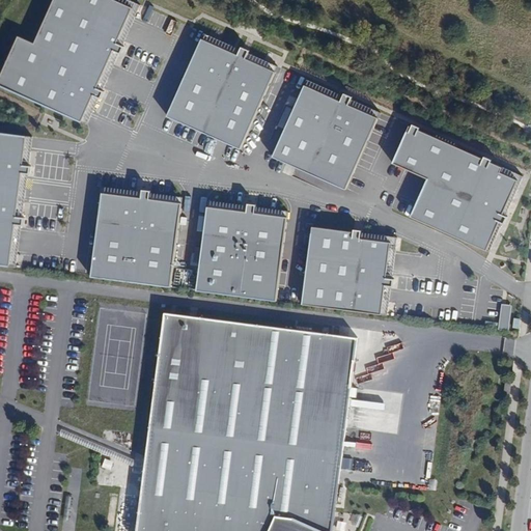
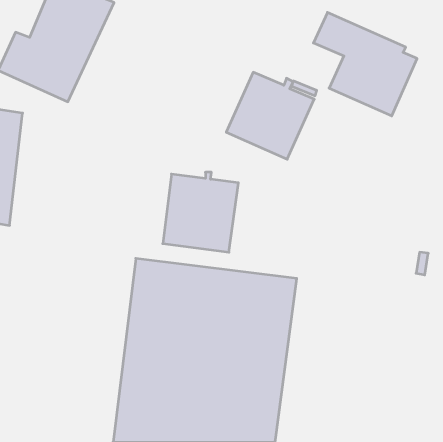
building: [168,40,275,148] -> none
building: [390,127,513,250] -> [313,12,417,116]
building: [92,191,181,288] -> none
building: [300,227,386,314] -> none

